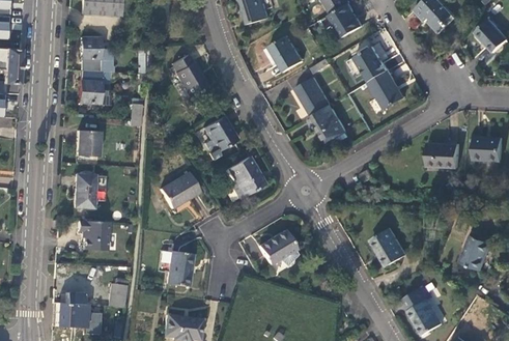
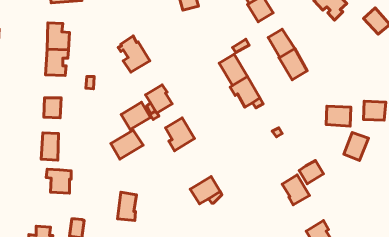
building: [268,35,303,72] -> none
building: none -> [121,102,150,130]
building: none -> [299,161,323,184]
building: [461,234,492,269] -> [344,133,369,161]

